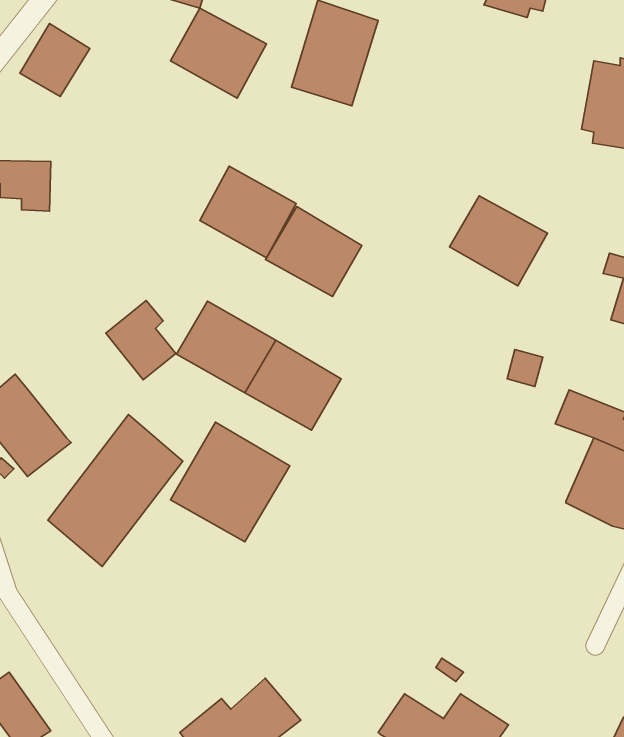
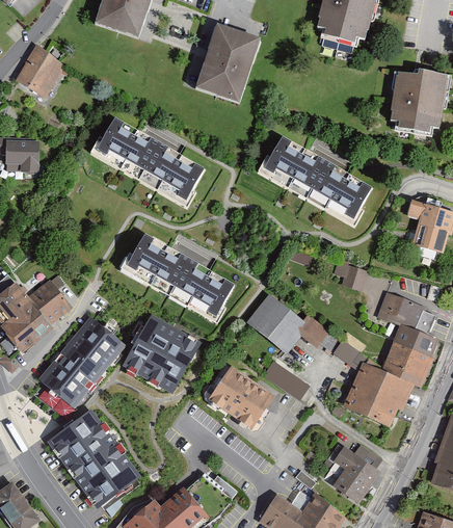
building: [170,8,267,98] -> [94,118,158,179]
building: [266,207,362,297] -> [261,136,325,196]
building: [106,301,176,380] -> [24,271,71,324]
building: none -> [244,293,328,354]
building: none -> [331,342,415,424]
building: none -> [261,362,309,401]
building: none -> [208,369,276,429]
building: none -> [44,408,138,508]
building: none -> [336,446,382,502]

